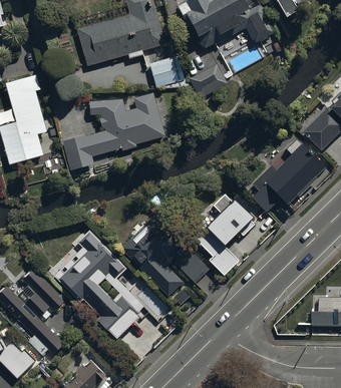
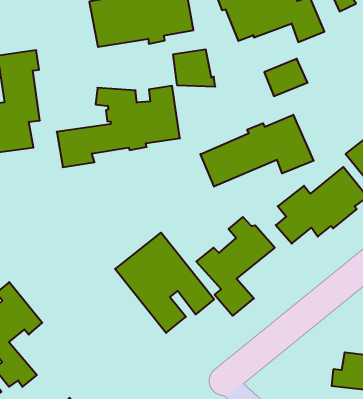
building: [190,65,227,98] -> [264,59,308,96]
building: none -> [200,115,314,187]
building: [57,230,145,336] -> none

